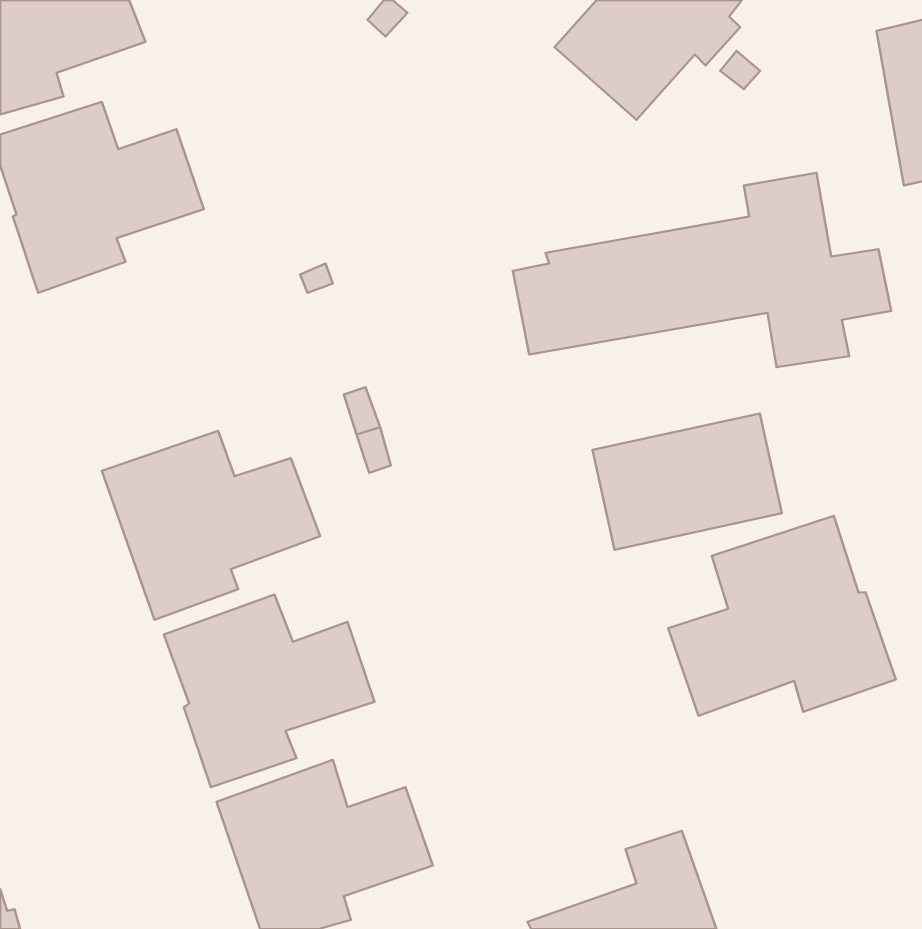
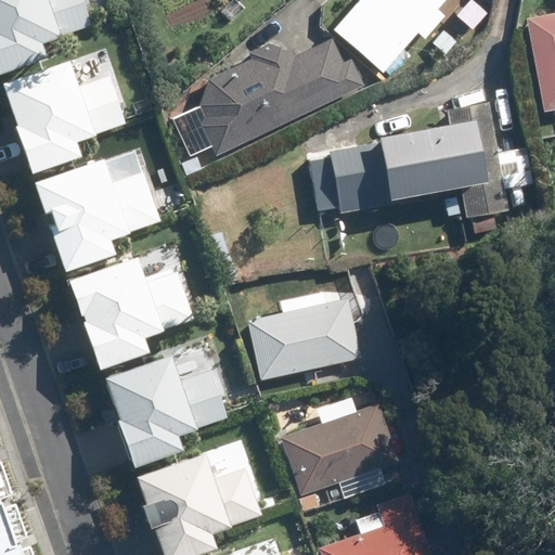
building: none -> [199,38,365,155]
building: none -> [30,157,162,271]
building: [593,413,782,550] -> [249,299,362,380]
building: [668,516,896,716] -> none
building: none -> [282,403,398,496]

